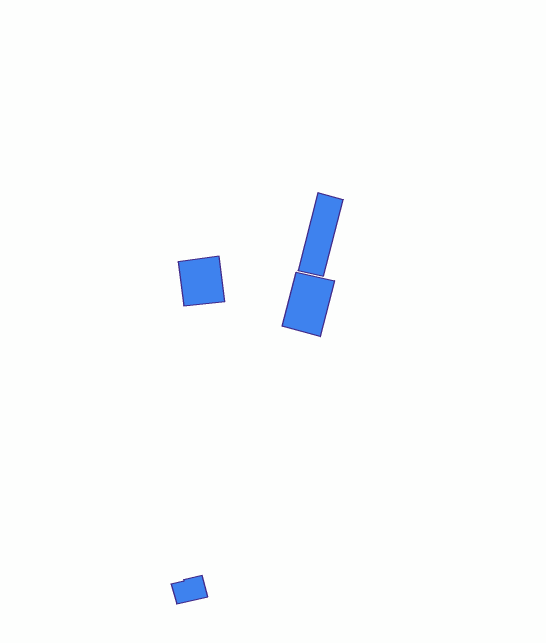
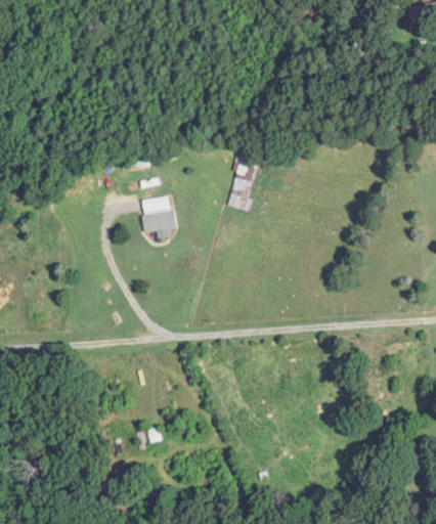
building: [282,272,334,337] -> none

